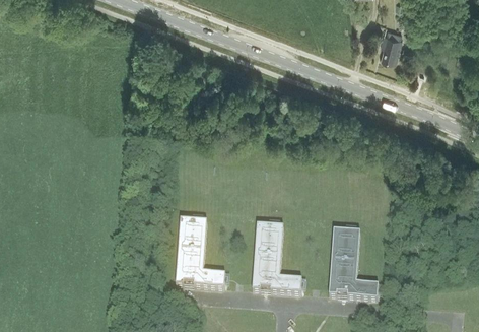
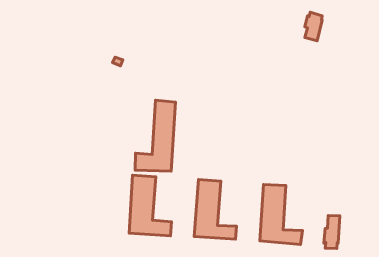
building: none -> [135,100,175,171]
building: none -> [324,216,340,248]

